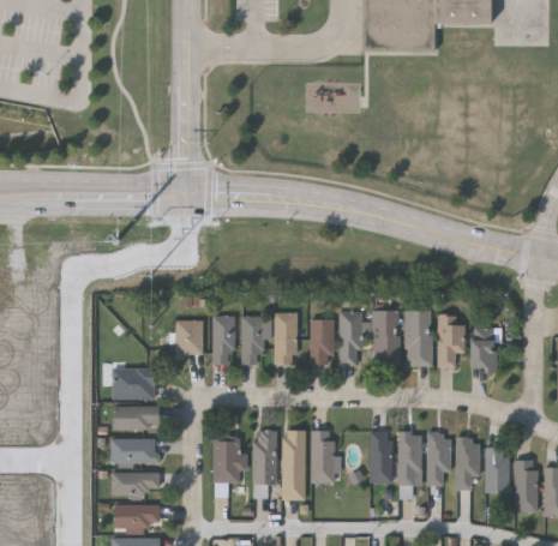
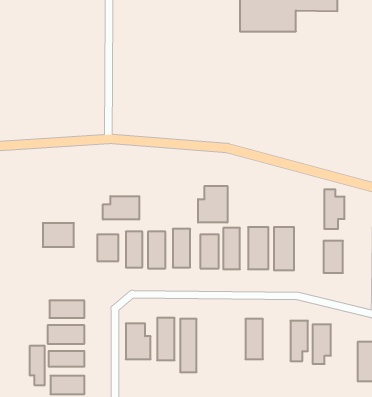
building: none -> [198,186,227,223]
building: none -> [103,196,139,220]
building: [438,314,464,366] -> [324,189,345,229]
building: [113,367,154,398] -> [43,223,74,247]
building: [311,430,334,482] -> none
building: [398,431,421,485] -> none
building: [485,446,508,492] -> none
building: none -> [30,346,45,385]

